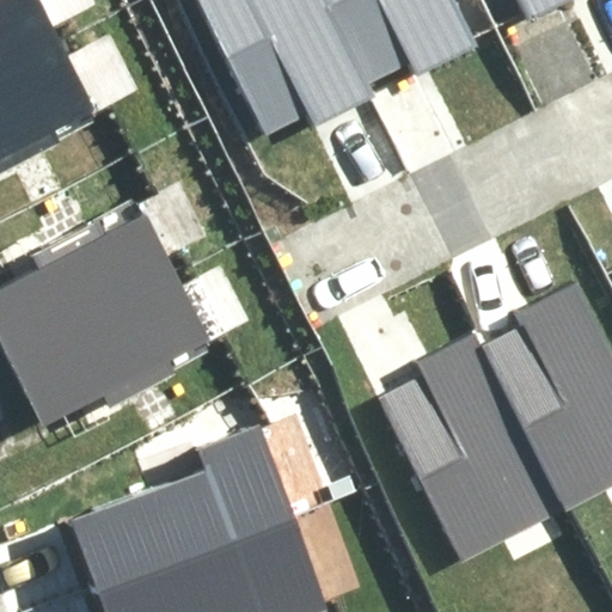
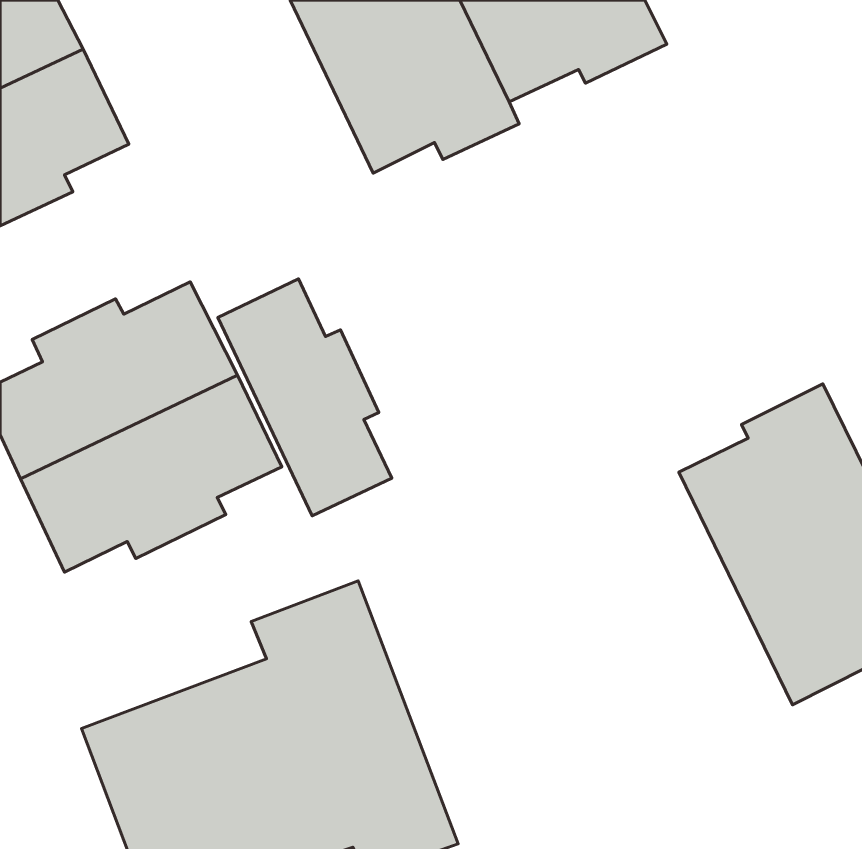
building: none -> [218,279,392,516]
building: [381,329,562,556] -> none

